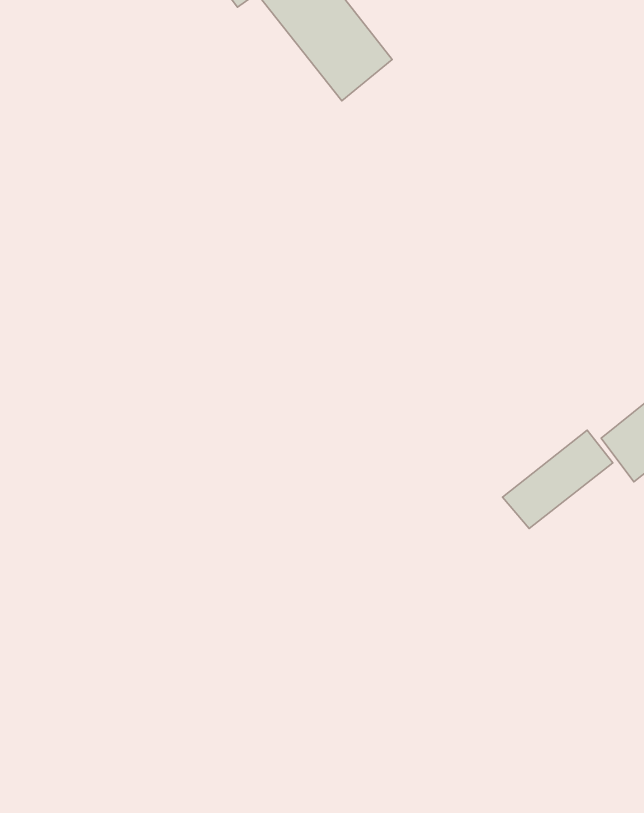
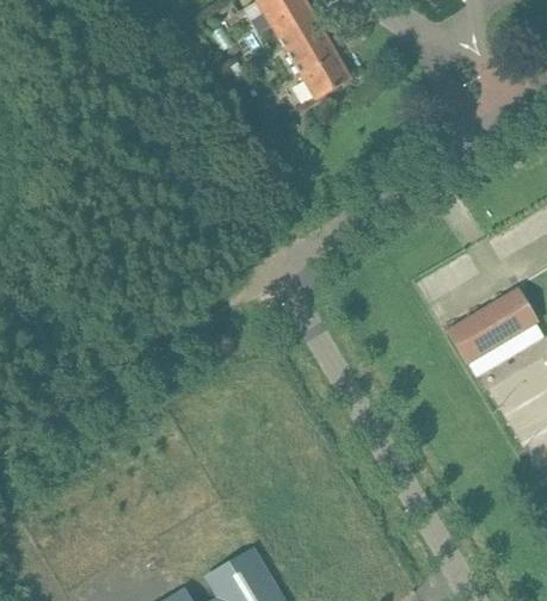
building: [503,430,613,528] -> none

